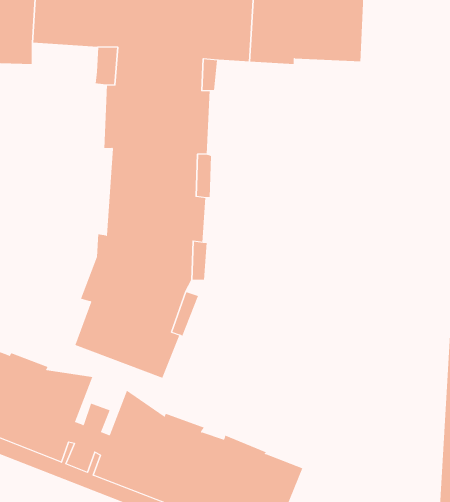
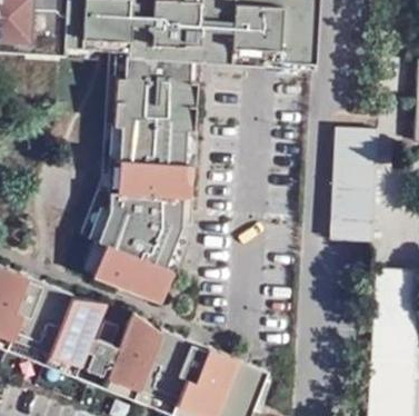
building: none -> [326,128,372,242]

